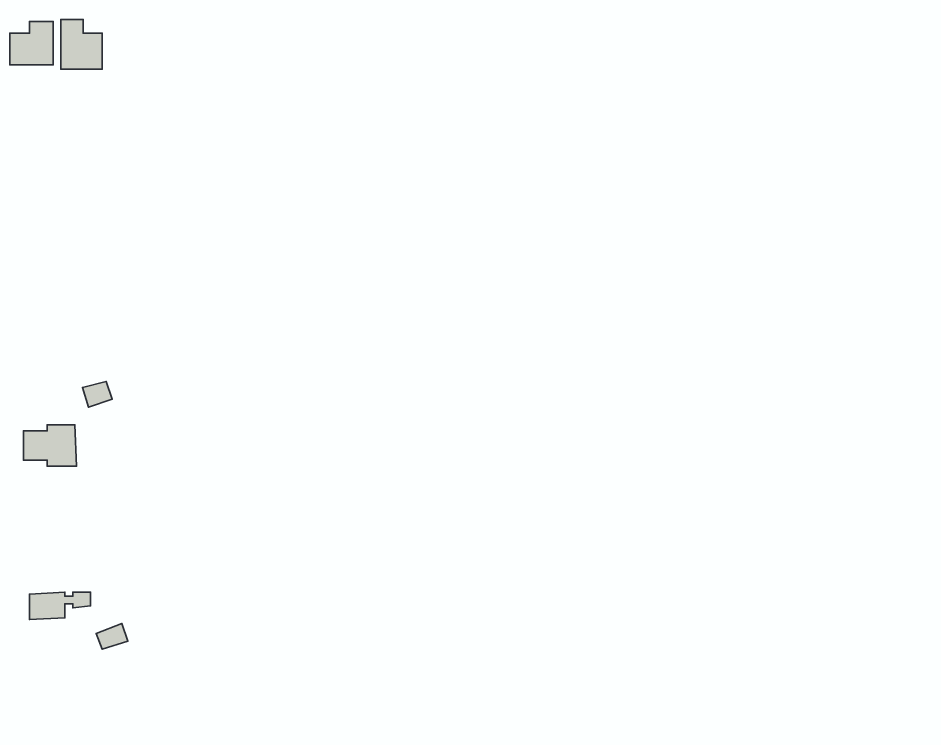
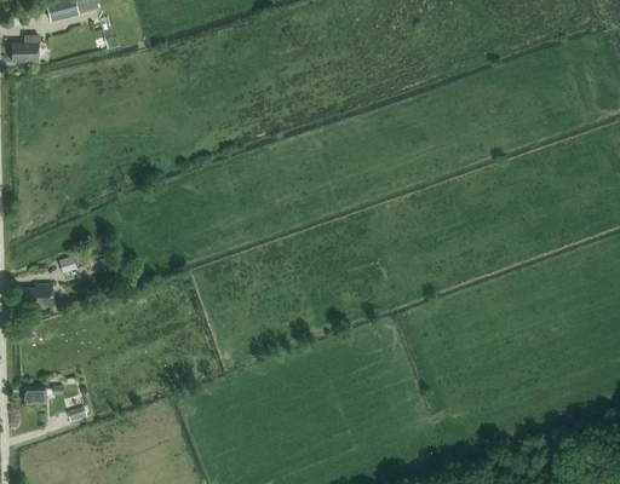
building: [61,20,102,69] -> none

